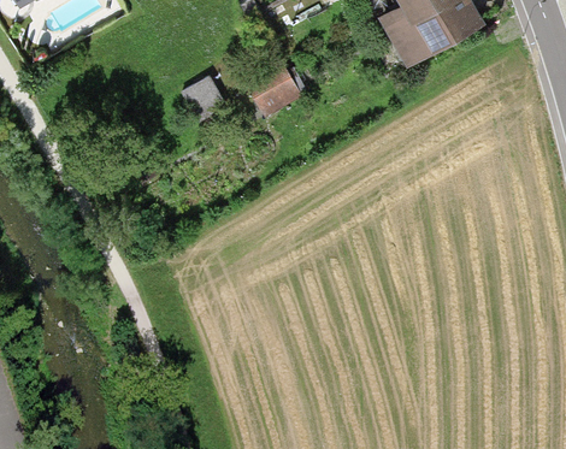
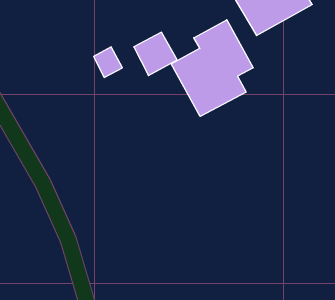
building: none -> [171,20,253,116]

